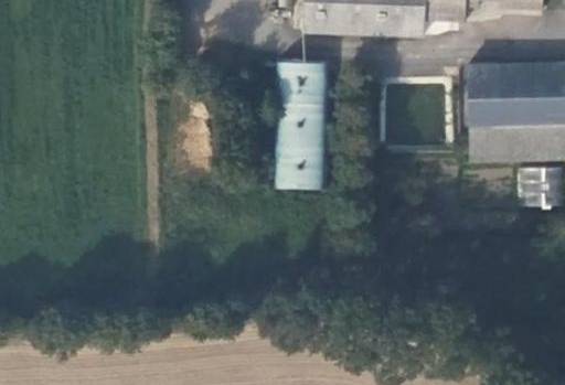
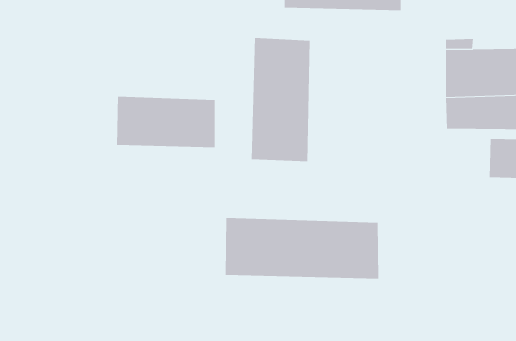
building: none -> [117,96,215,148]
building: none -> [225,217,379,279]

